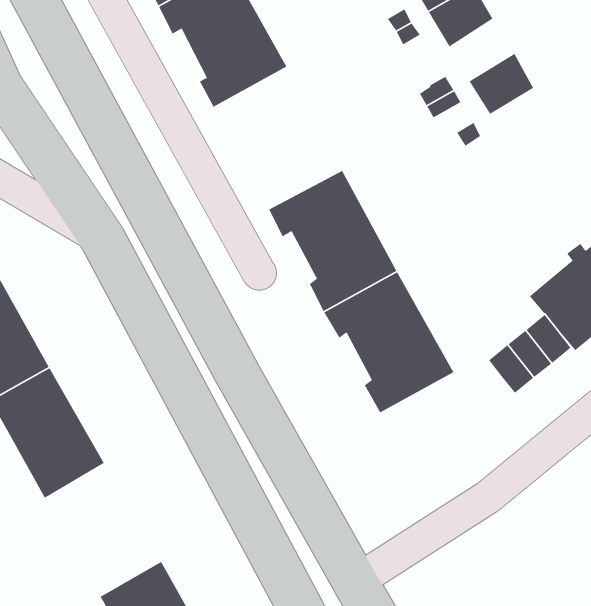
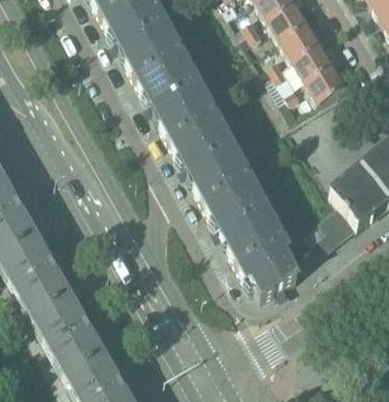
building: none -> [282,19,322,57]
building: none -> [137,48,216,135]
building: none -> [307,61,347,98]
building: none -> [239,236,298,293]
building: none -> [33,292,105,374]

